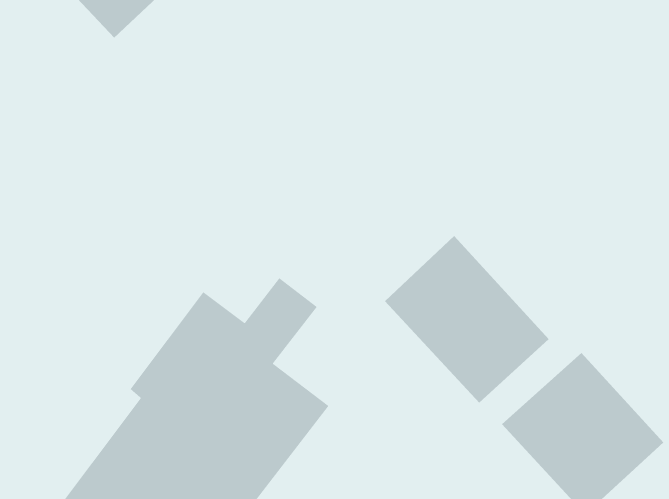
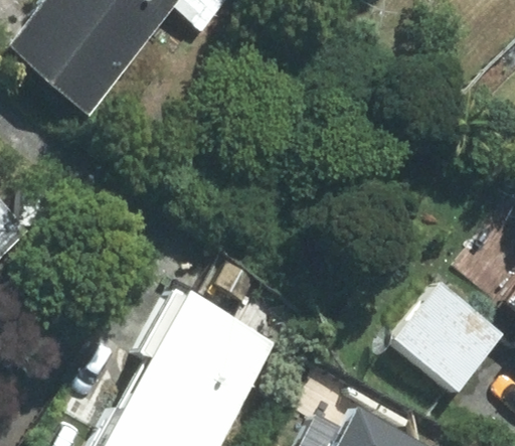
building: [384,235,549,404] -> none

